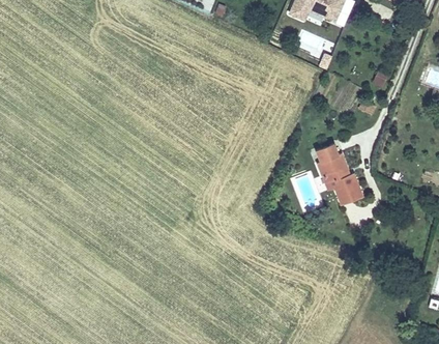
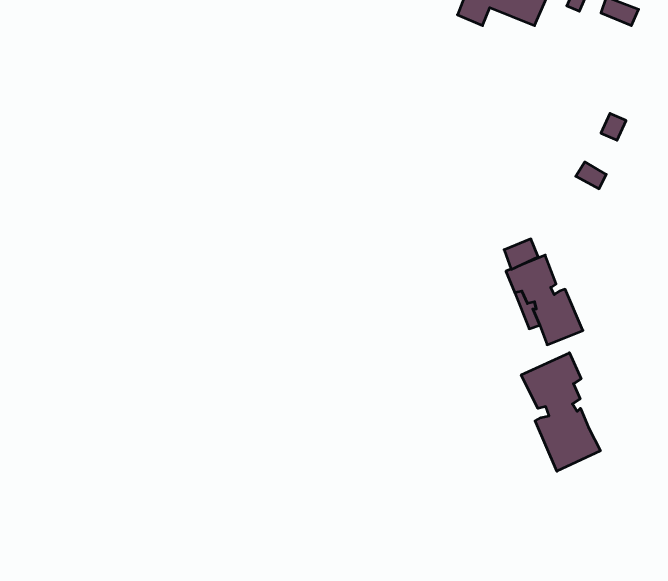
building: none -> [521,353,600,471]

